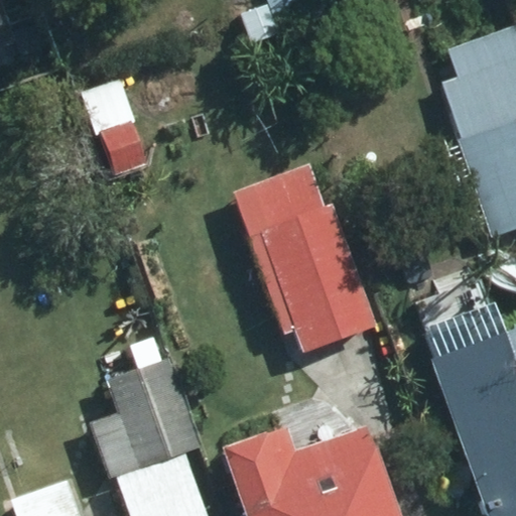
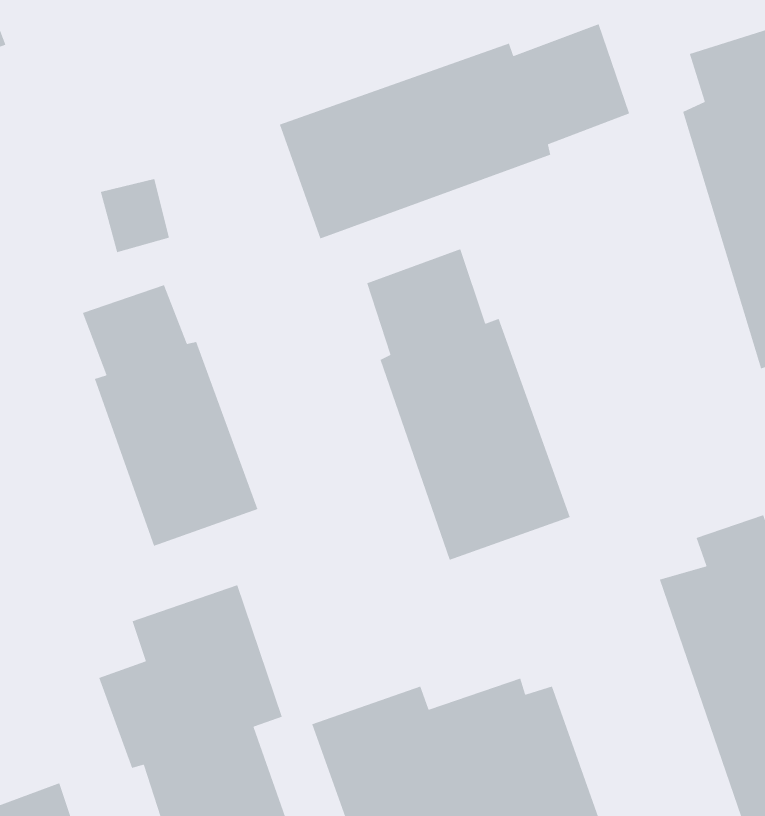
building: none -> [279,23,630,239]
building: none -> [82,284,259,547]

